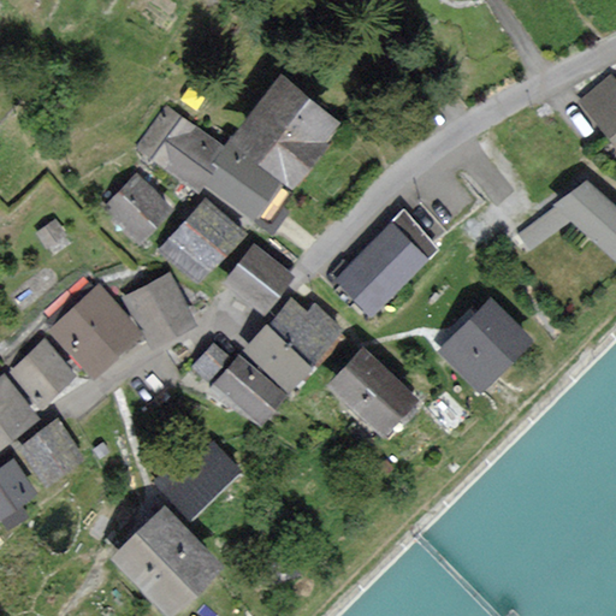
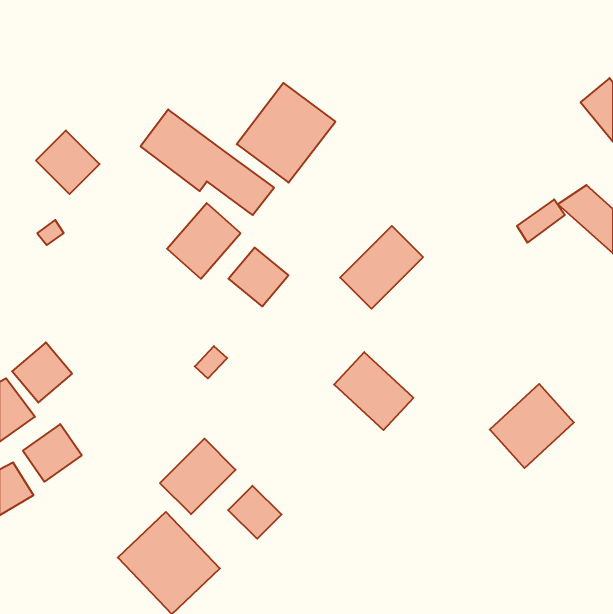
building: [106,178,170,242] -> [36,130,100,194]
building: [128,277,194,344] -> none
building: [54,290,137,372] -> none
building: [248,303,339,389] -> none
building: [444,304,528,389] -> [490,384,574,468]
building: [218,357,284,421] -> none
building: none -> [228,486,282,539]

